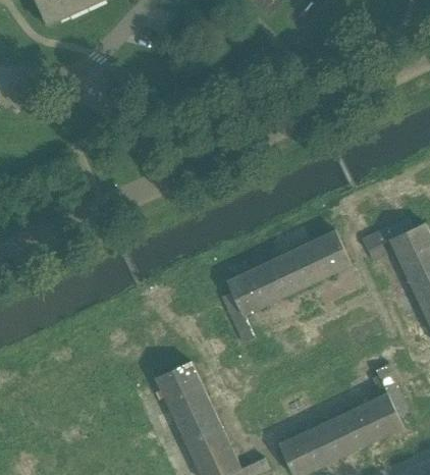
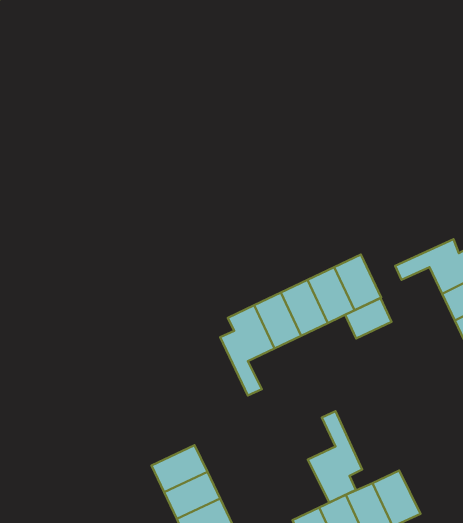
building: none -> [345,298,391,338]
building: [156,362,201,400] -> none
building: [365,365,409,438] -> [308,411,362,503]

